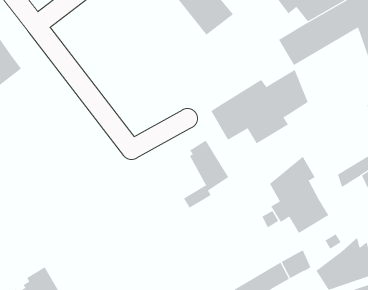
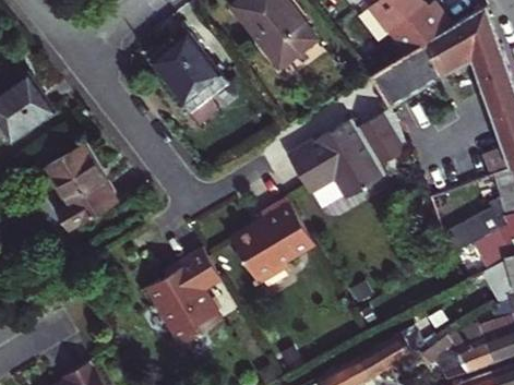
building: none -> [155,35,223,103]
building: none -> [49,146,121,228]
building: [269,156,329,234] -> none
building: none -> [234,216,282,268]
building: none -> [140,248,223,345]

